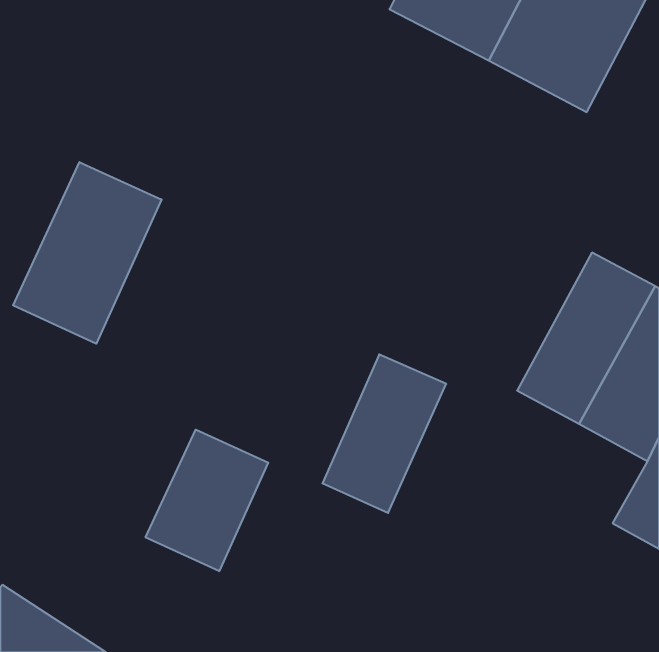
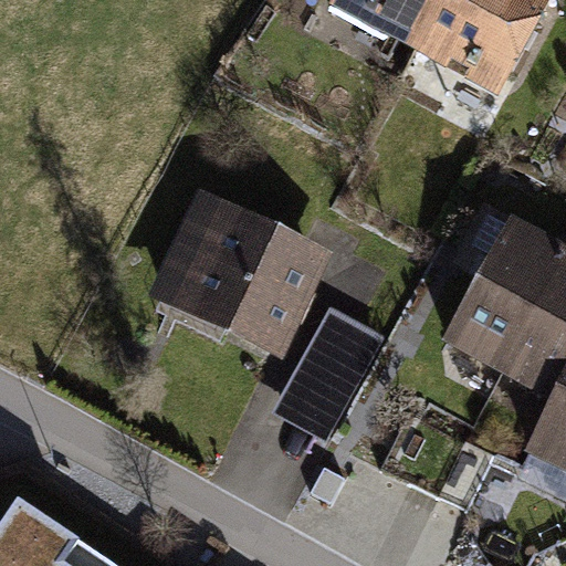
building: [13,162,162,344] -> none
building: none -> [150,193,328,357]
building: [146,430,268,571] -> none

